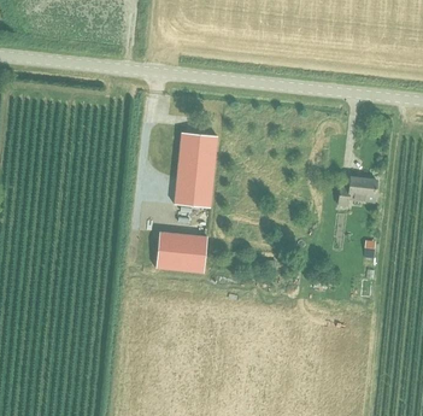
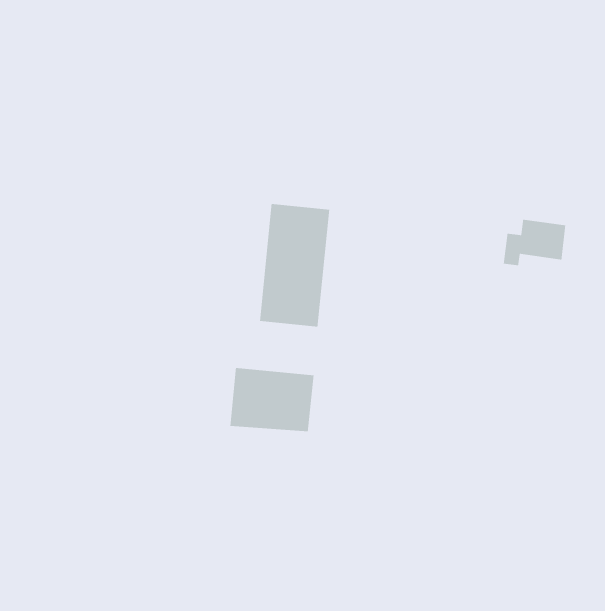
building: [339,176,377,205] -> [503,219,566,266]

